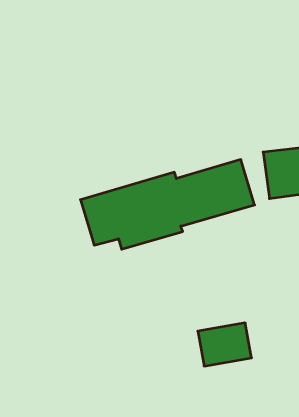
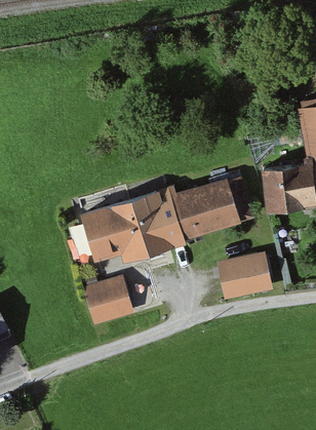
building: none -> [85,278,131,325]
building: [198,323,252,366] -> [221,257,273,299]

